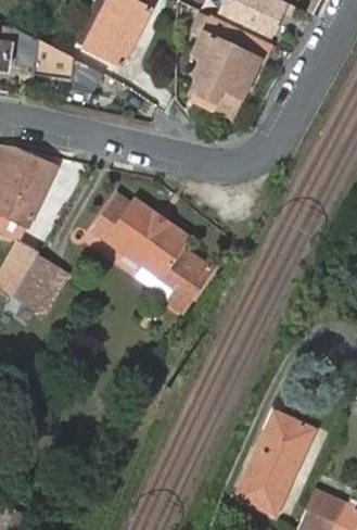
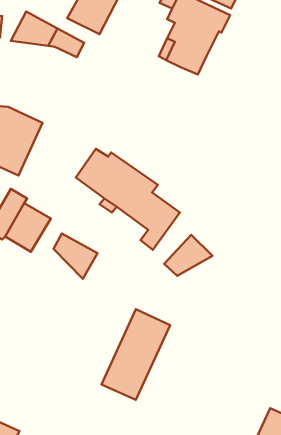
building: none -> [54,233,98,279]
building: none -> [164,235,213,276]
building: [234,412,313,515] -> [101,309,170,400]

